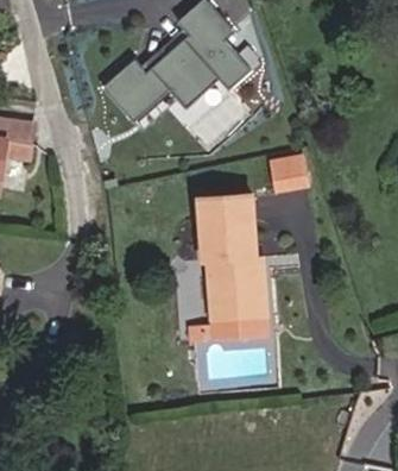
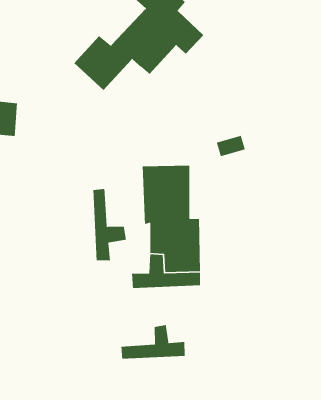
building: none -> [92,188,127,261]
building: none -> [120,324,186,360]

